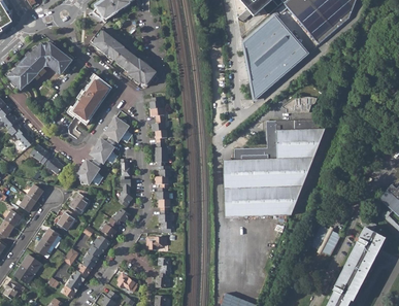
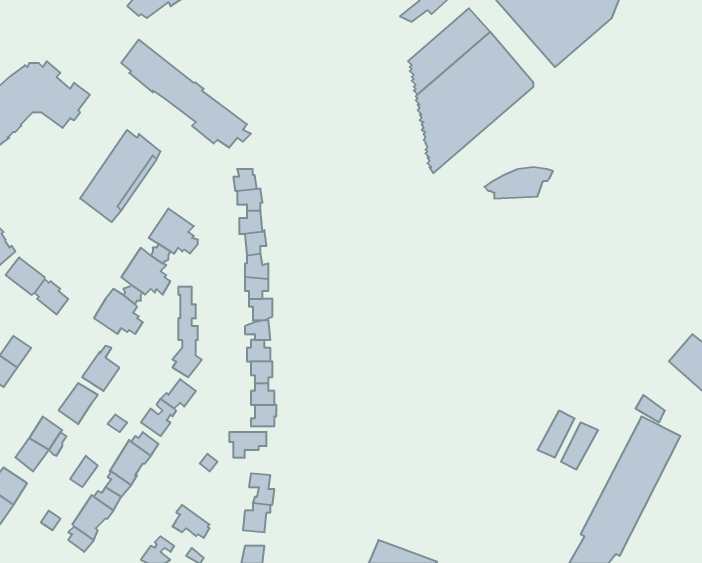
building: [223,120,325,216] -> none

